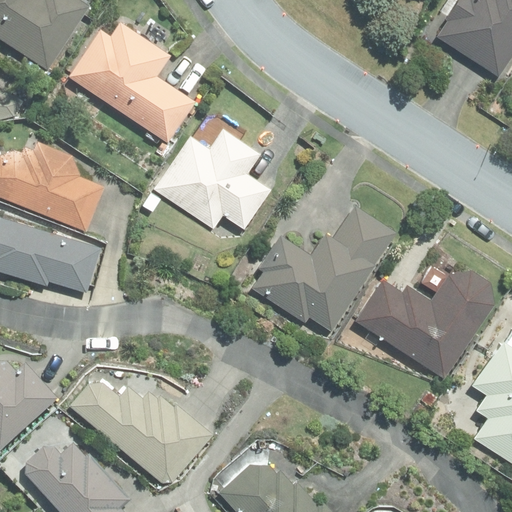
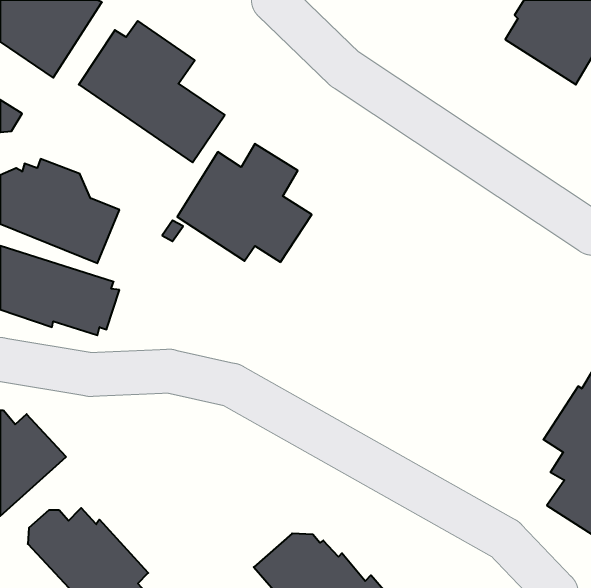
building: [253,206,395,332] -> none
building: [355,267,496,381] -> none
building: [69,381,212,483] -> none

